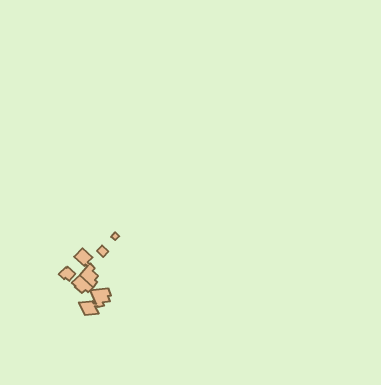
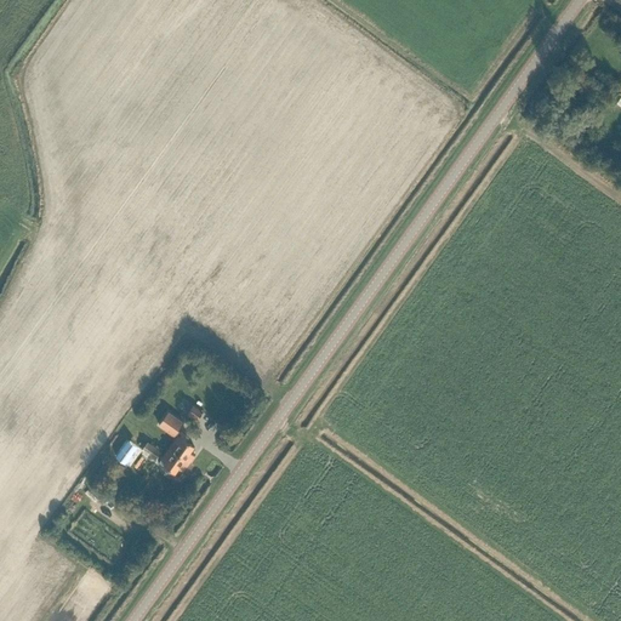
building: [79,288,111,315] -> none

